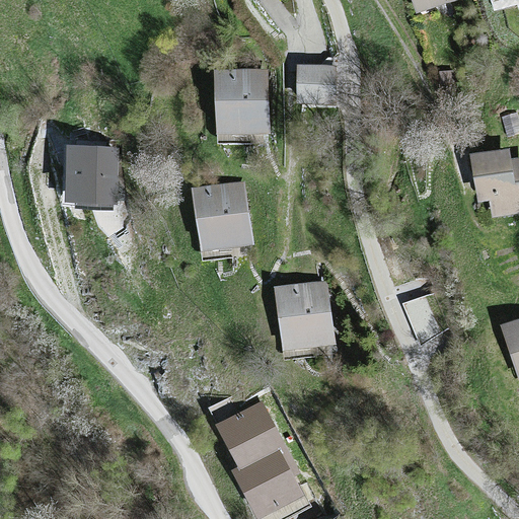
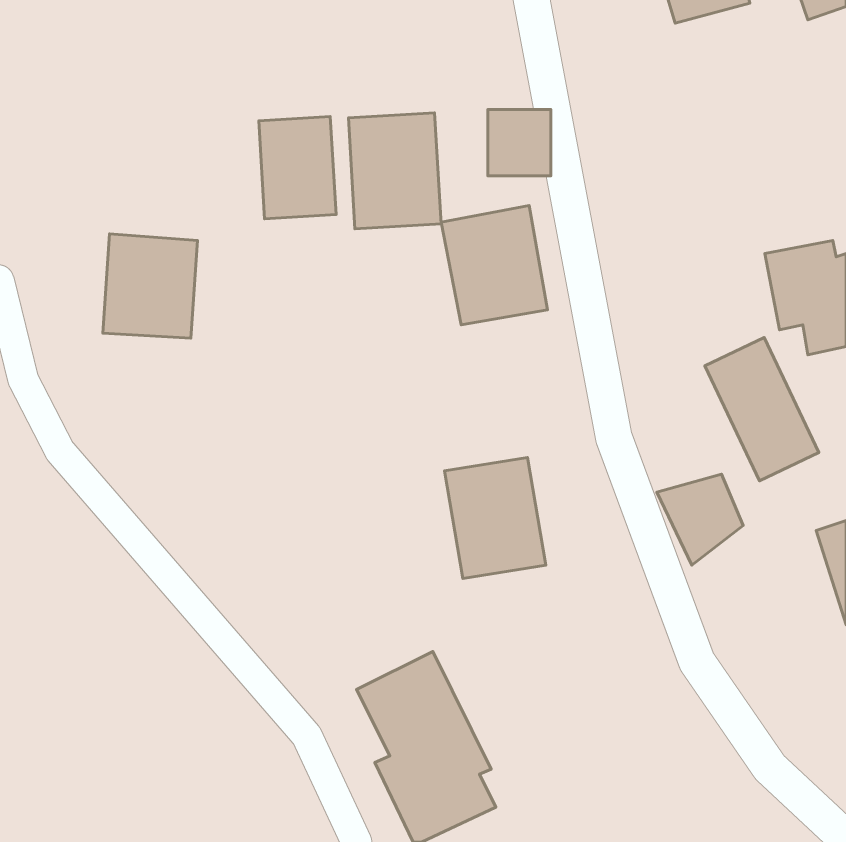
building: none -> [259,117,336,219]
building: [191,180,255,253] -> [441,205,547,325]
building: none -> [705,337,819,481]

